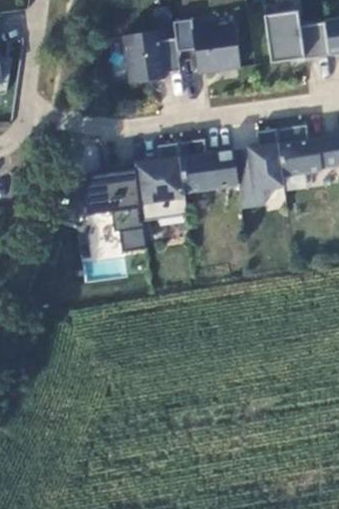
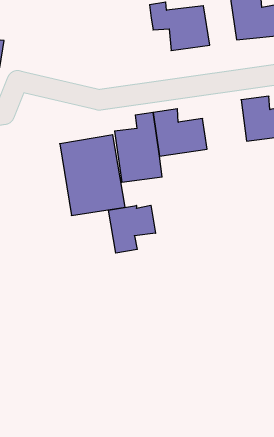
building: [124,30,181,83] -> none
building: [233,129,284,207] -> none
building: none -> [108,205,156,253]

